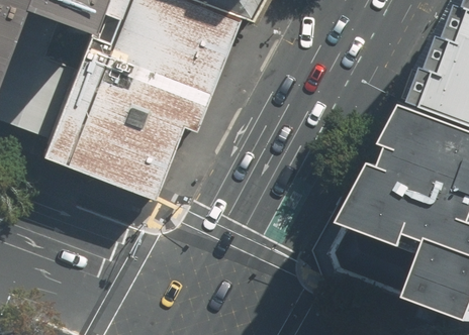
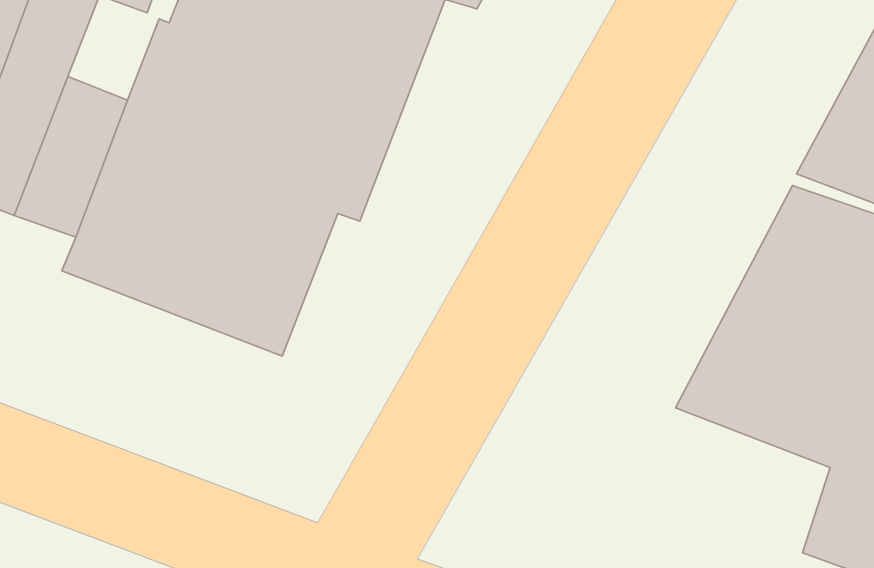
building: [333,106,434,299] -> none

